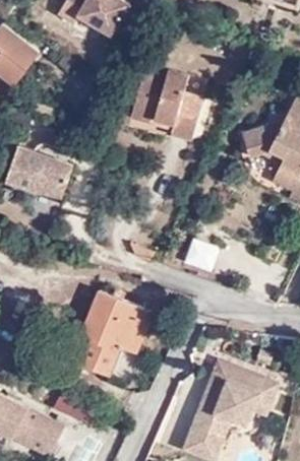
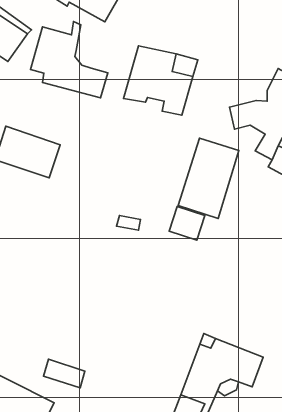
building: none -> [31,21,108,98]
building: none -> [178,138,239,219]
building: [65,289,149,374] -> none

